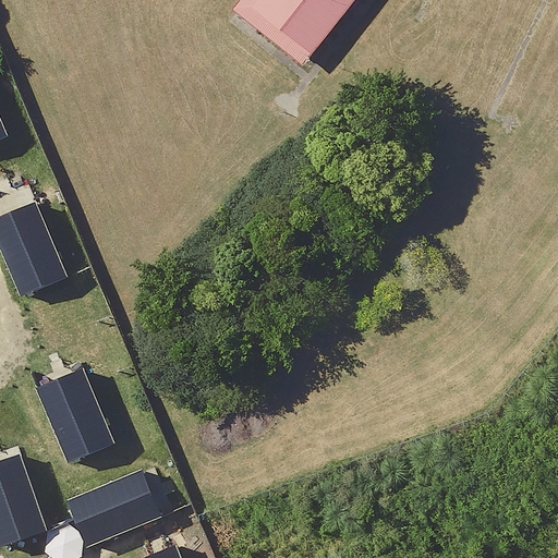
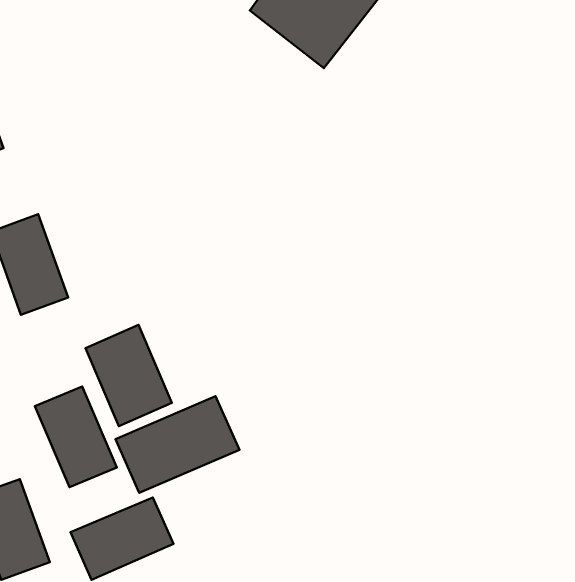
building: none -> [85,325,172,426]
building: none -> [115,396,239,493]

